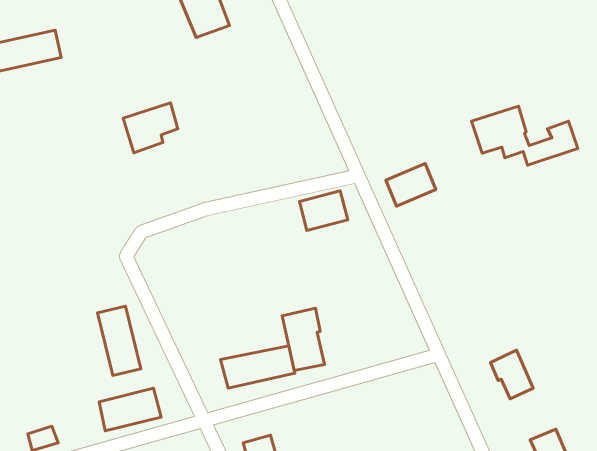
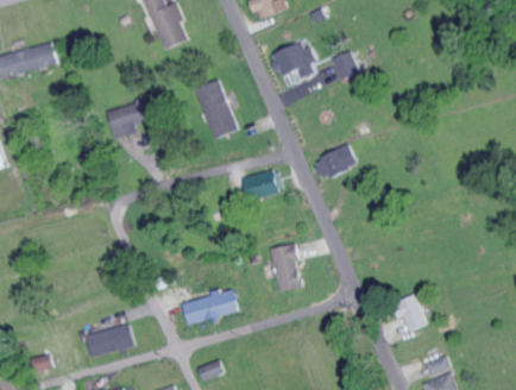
building: none -> [194,77,237,138]
building: [471,106,578,165] -> [270,40,353,87]
building: [98,306,141,376] -> none
building: [282,308,325,371] -> [268,243,301,291]

